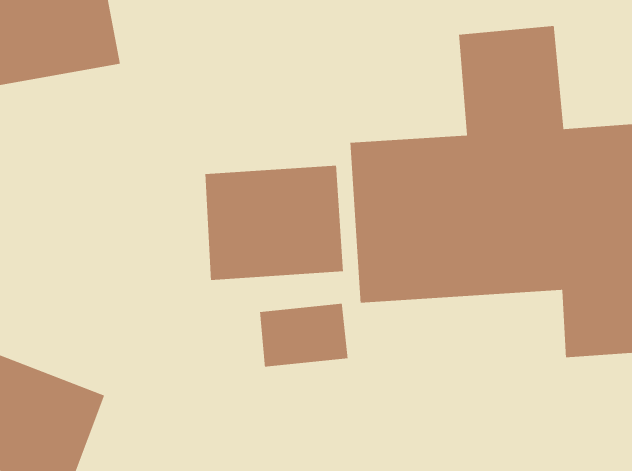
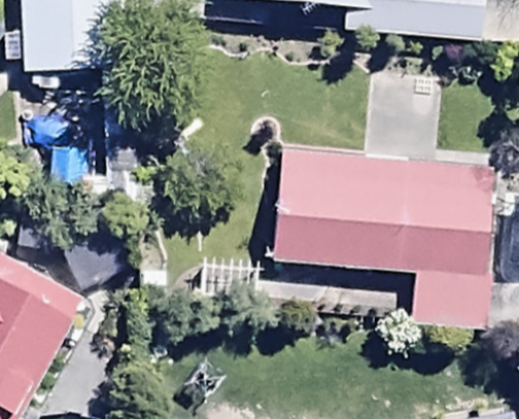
building: [205,165,344,281] -> none

